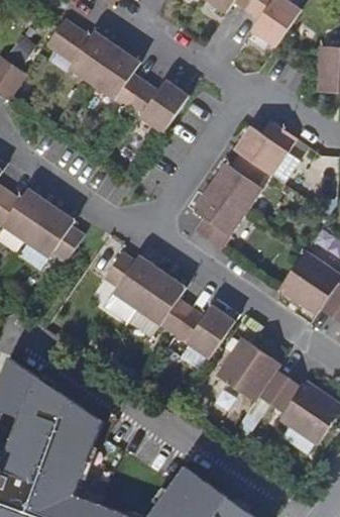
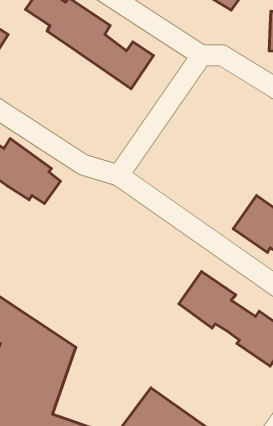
building: [193,121,296,247] -> none
building: [104,252,235,358] -> none

